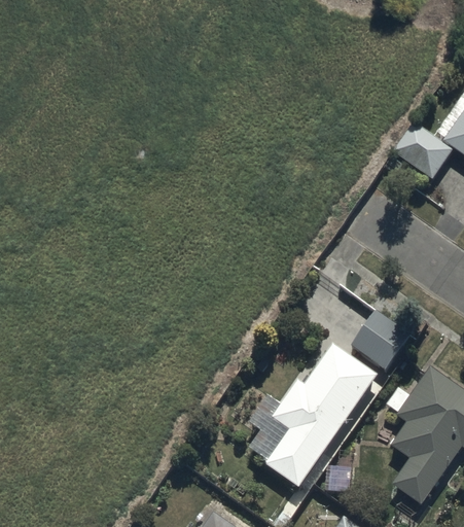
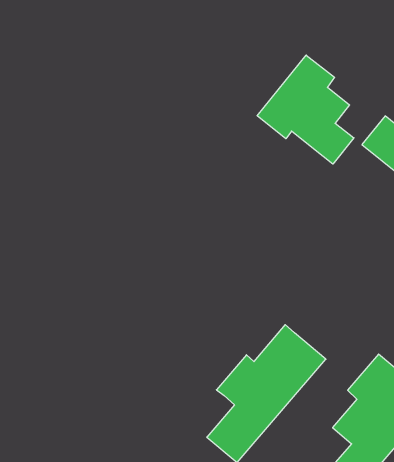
building: none -> [257,55,354,164]
building: [352,308,411,367] -> none

